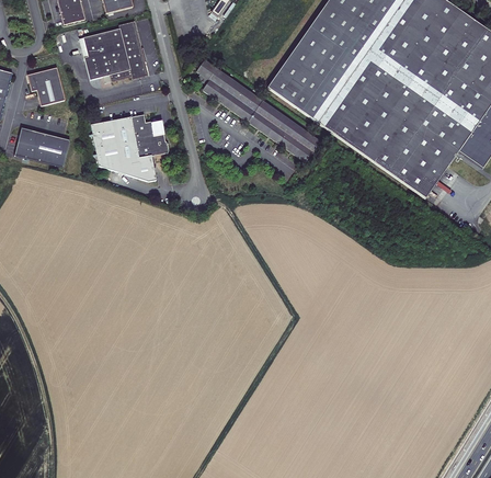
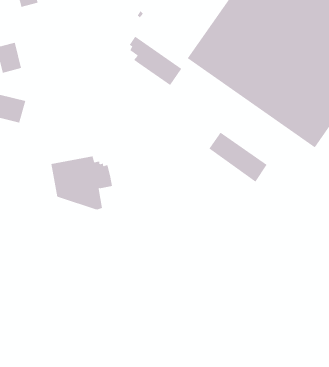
building: [79,20,148,81] -> none
building: [248,100,320,162] -> [209,132,267,183]
building: [91,114,168,181] -> [50,156,113,210]

